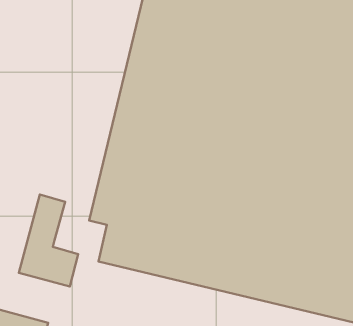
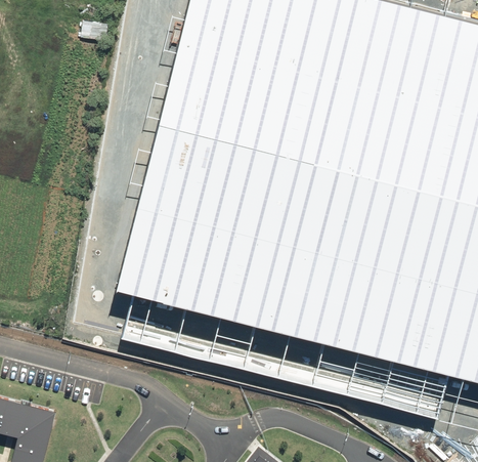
building: [19,195,78,286] -> none

